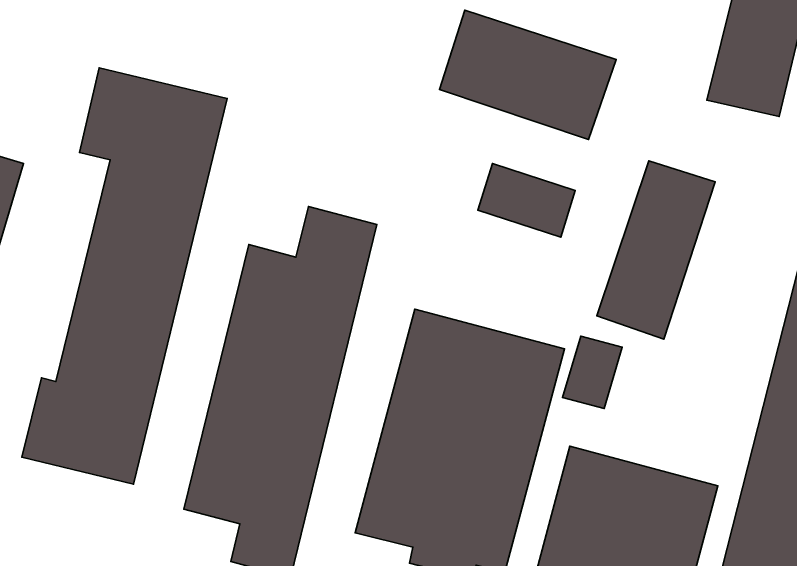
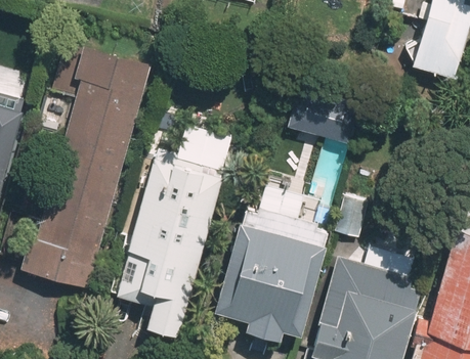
building: [439,10,616,140] -> none
building: [597,161,715,339] -> none

